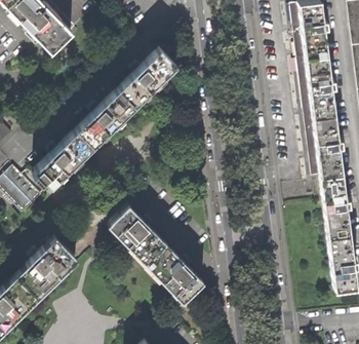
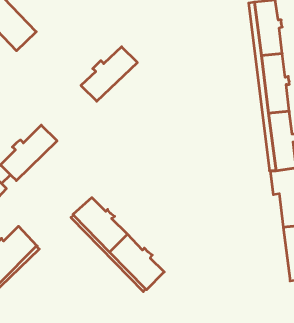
building: [78,90,135,148] -> none

